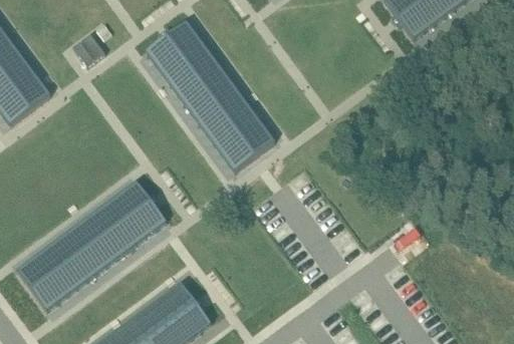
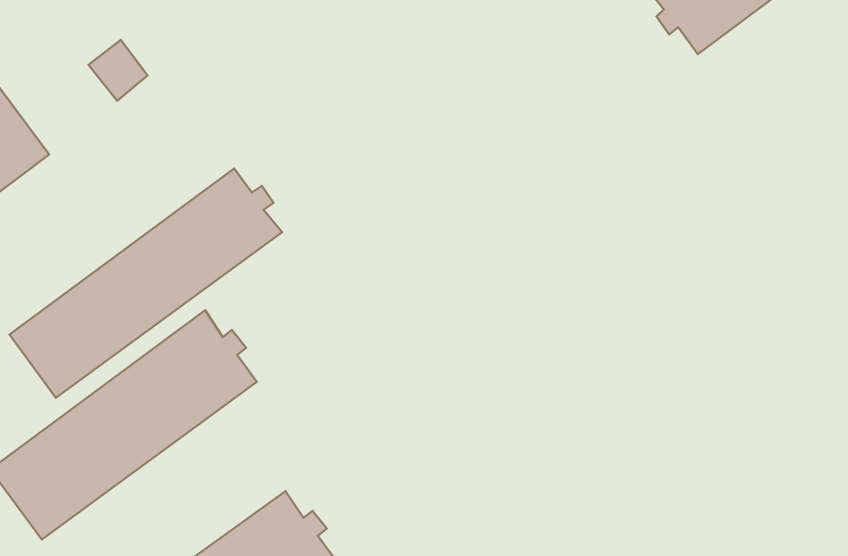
building: [146,21,274,170] -> none
building: none -> [10,168,282,398]

